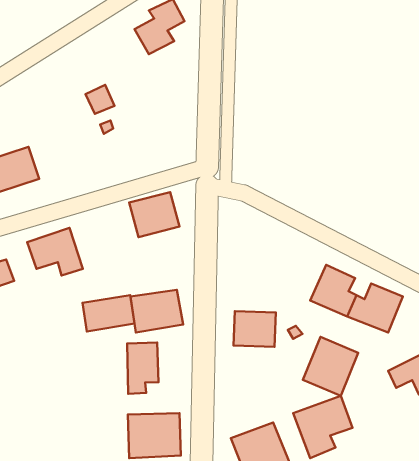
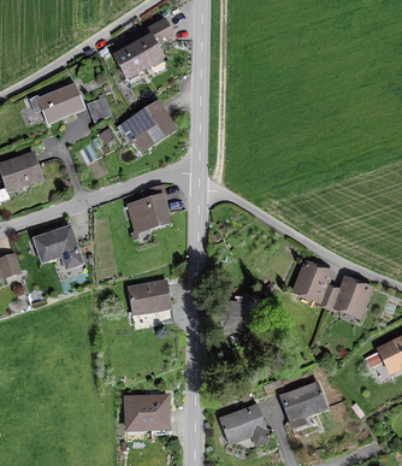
building: none -> [112,45,143,78]
building: none -> [35,81,83,120]
building: none -> [117,101,179,157]
building: [82,295,134,332] -> none
building: [303,337,358,396] -> none
building: [127,343,159,394] -> none

